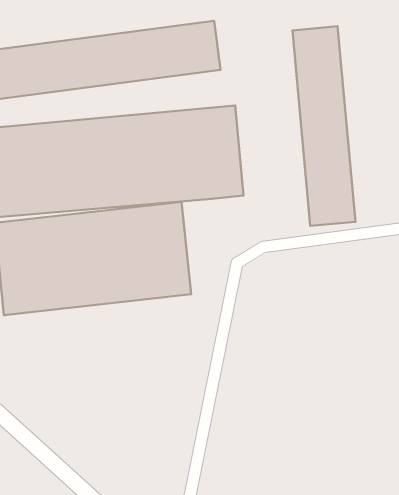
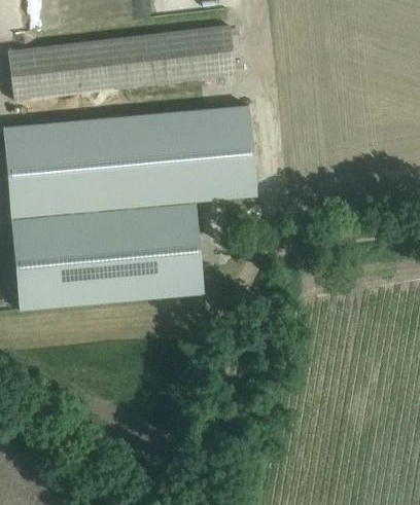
building: [292,26,355,226] -> none

